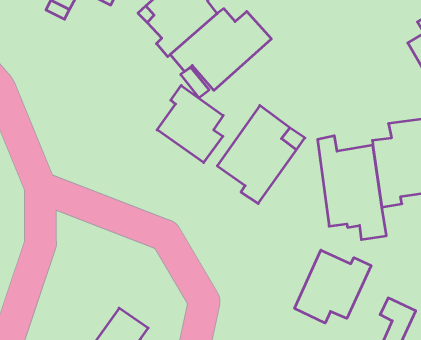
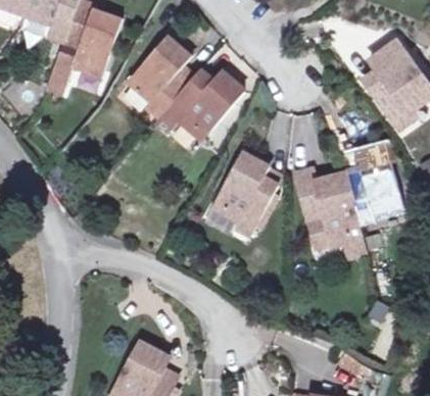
building: [157,85,223,163] -> none
building: [295,250,371,323] -> none

